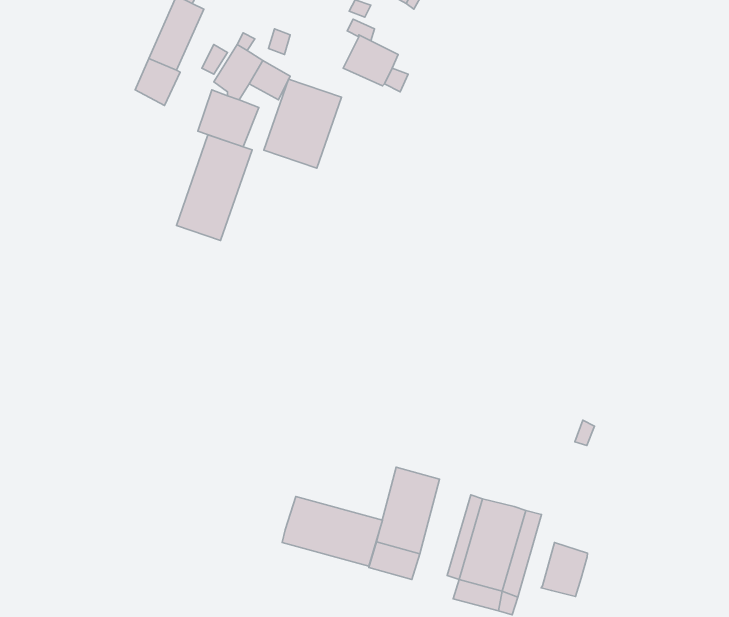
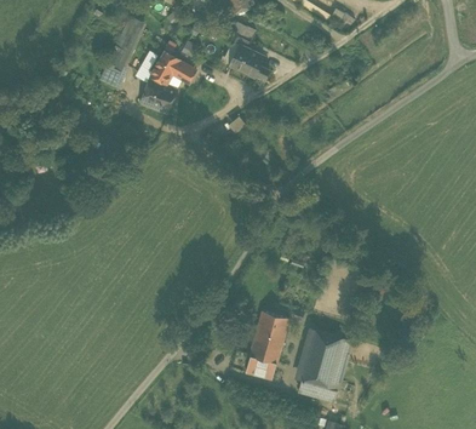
building: [264,79,341,168] -> none
building: [176,135,252,240] -> none
building: [282,497,382,566] -> none
building: [541,543,587,596] -> none

